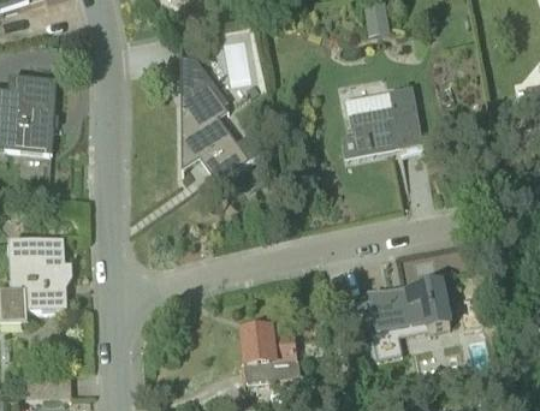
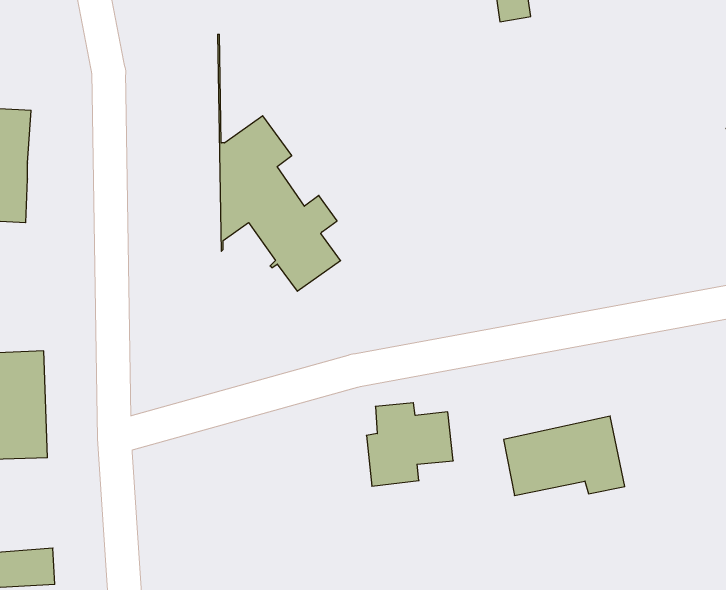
building: [345,83,422,147] -> none
building: [237,327,295,382] -> [366,403,453,486]

